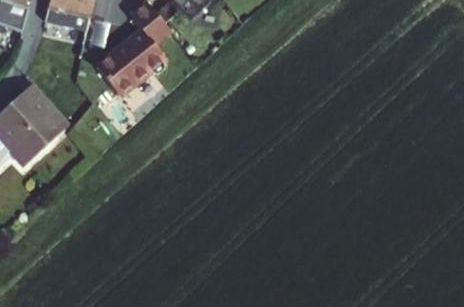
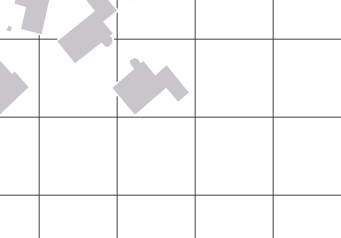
building: none -> [111,57,190,116]

